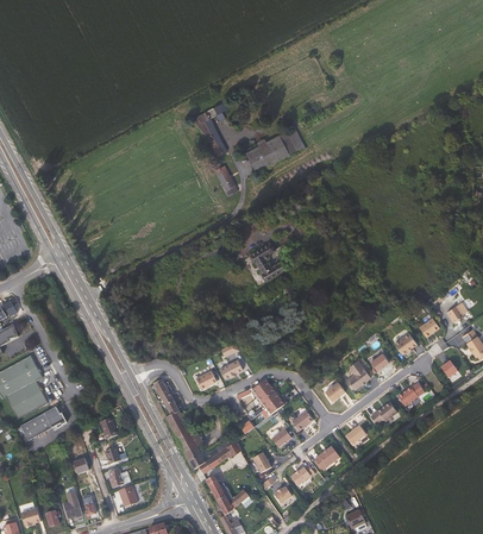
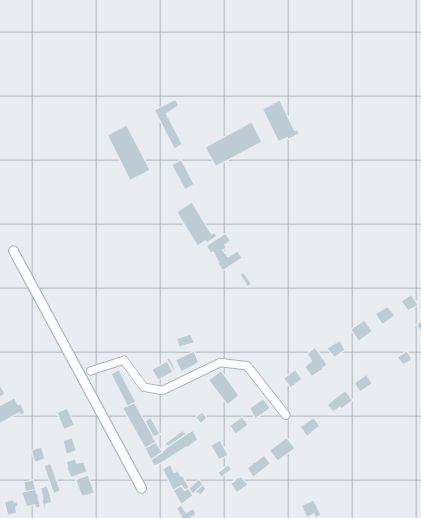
building: none -> [263,100,300,142]
building: none -> [107,125,150,181]
building: none -> [177,202,217,246]

